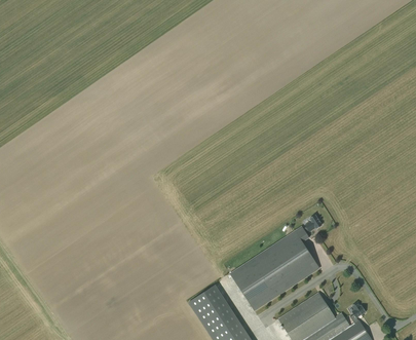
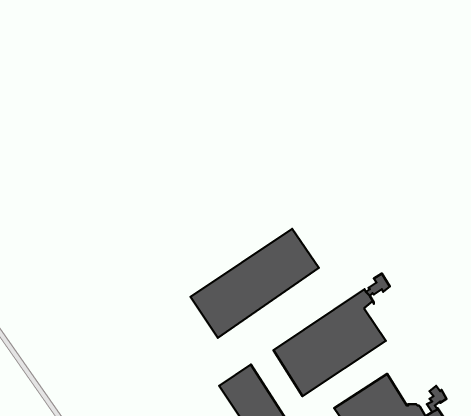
building: none -> [190,229,319,338]

